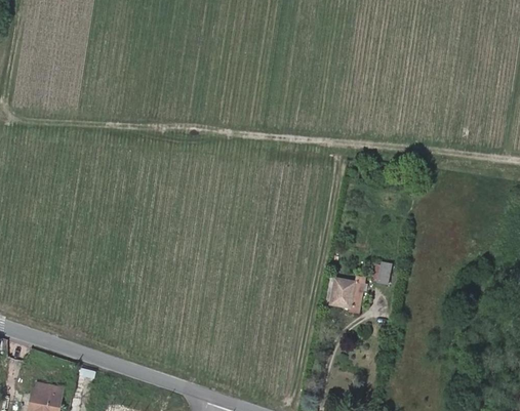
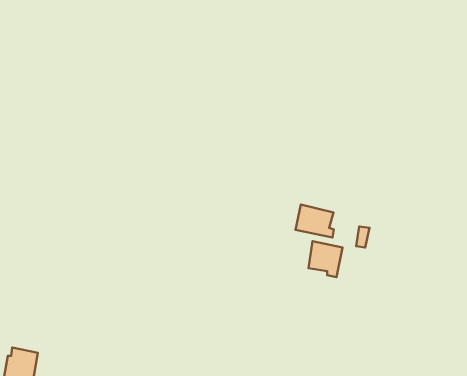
building: none -> [296,204,334,238]

